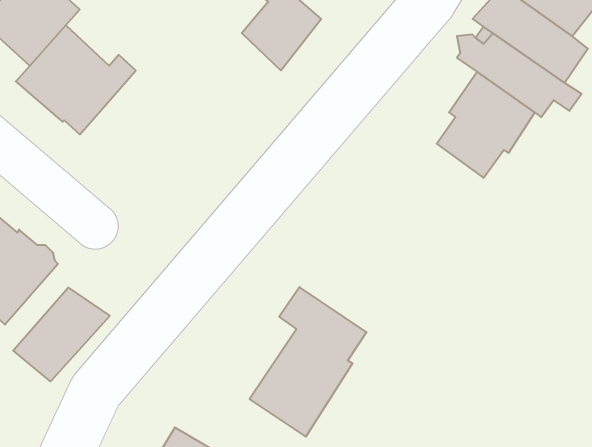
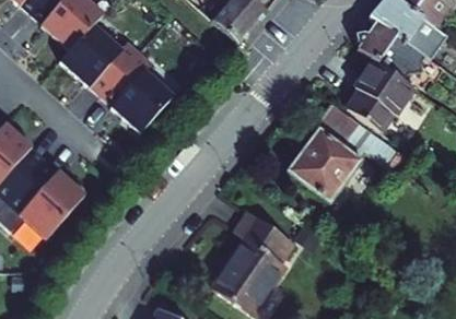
building: none -> [96,52,169,133]
building: none -> [290,98,373,200]
building: [13,288,110,381] -> none

